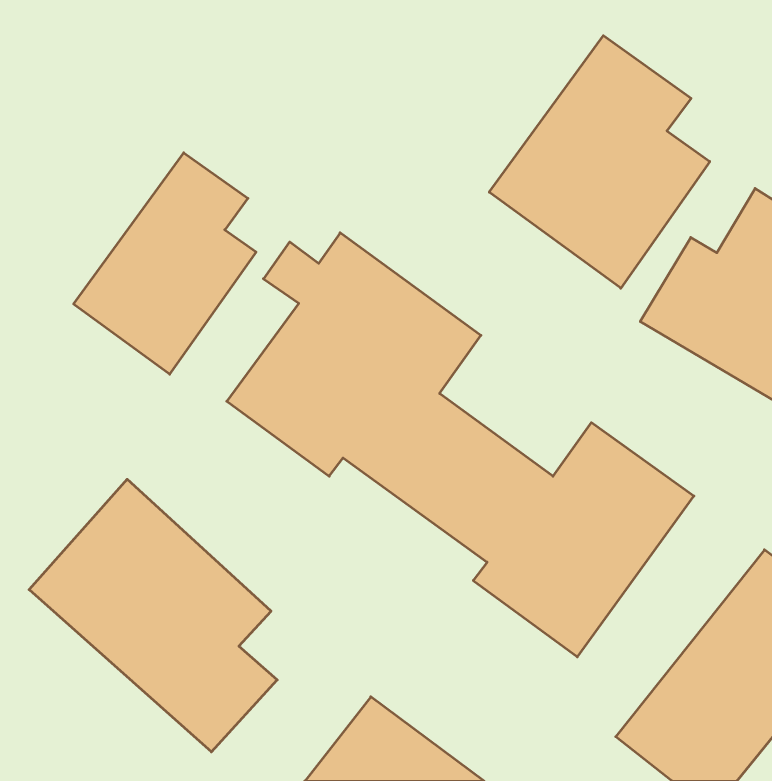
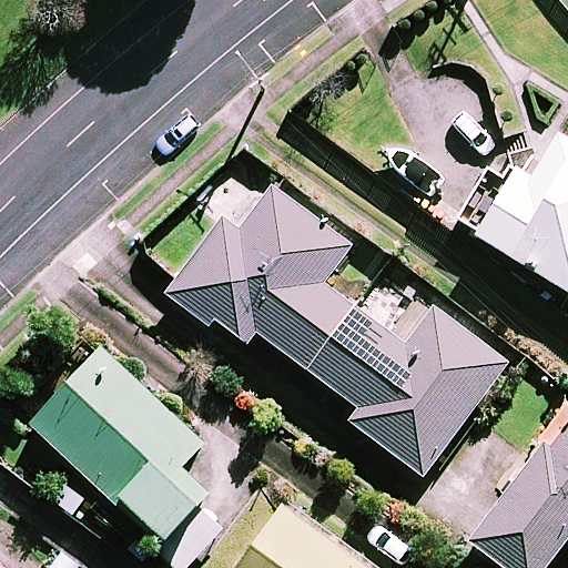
building: [489,36,710,288] -> none
building: [74,153,256,374] -> none

